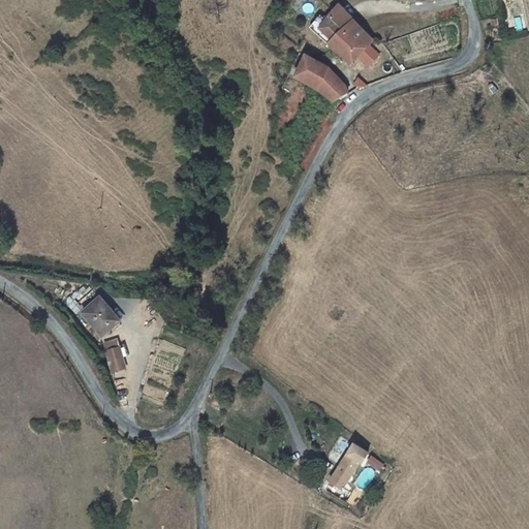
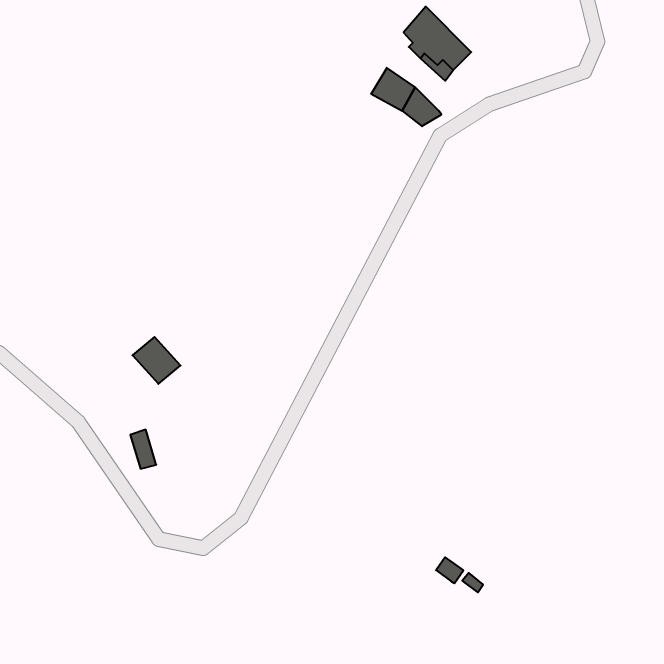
building: [81,300,119,337] -> [132,337,181,384]
building: [326,453,359,490] -> none

